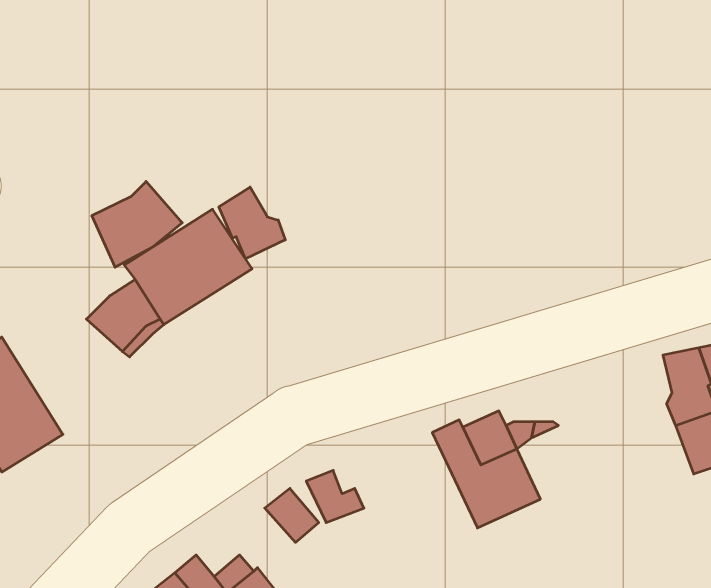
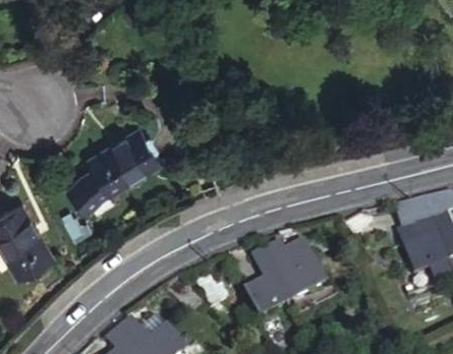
building: [92,181,182,267] -> none
building: [219,187,285,259] -> none
building: none -> [241,247,291,317]

